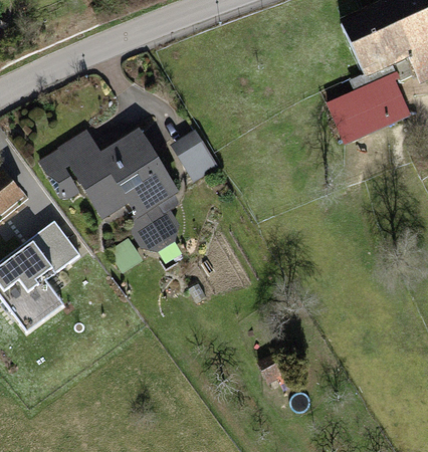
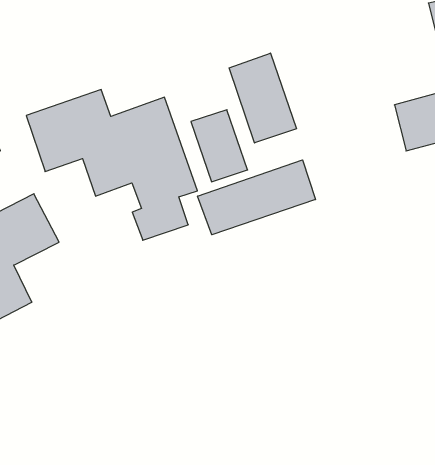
building: none -> [229,53,297,143]
building: none -> [198,160,315,235]

